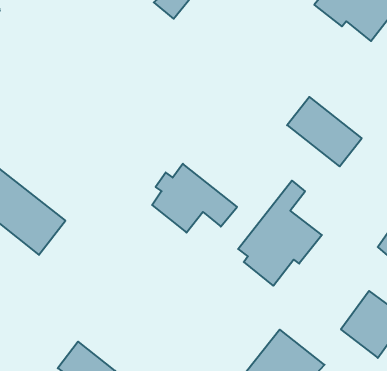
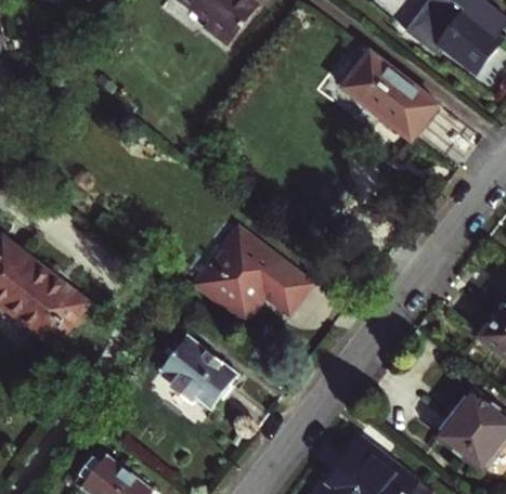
building: [287,97,362,166] -> [342,52,437,140]
building: [238,181,322,286] -> none
building: none -> [163,333,237,406]

